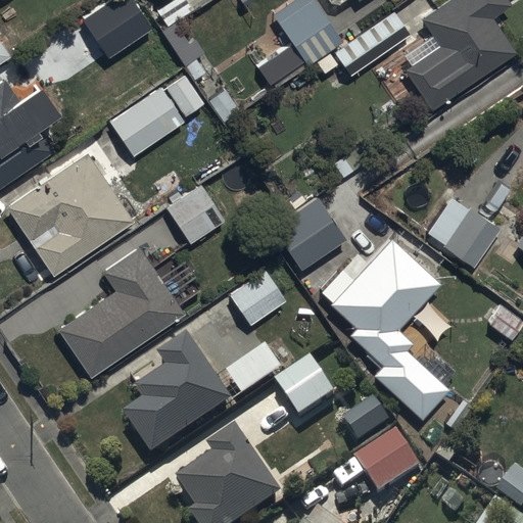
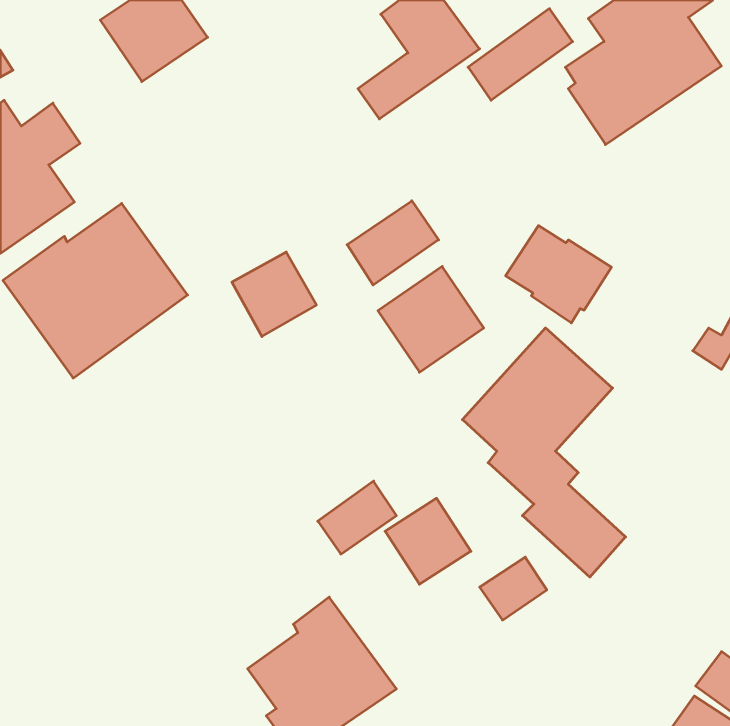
building: [109,86,187,156] -> none
building: none -> [347,201,439,285]
building: [426,197,502,267] -> [506,226,611,323]
building: [59,242,186,375] -> none
building: [229,269,286,325] -> none
building: [125,336,235,459] -> none
building: [356,434,423,498] -> none

